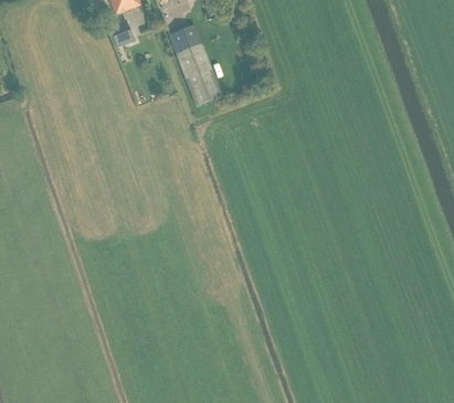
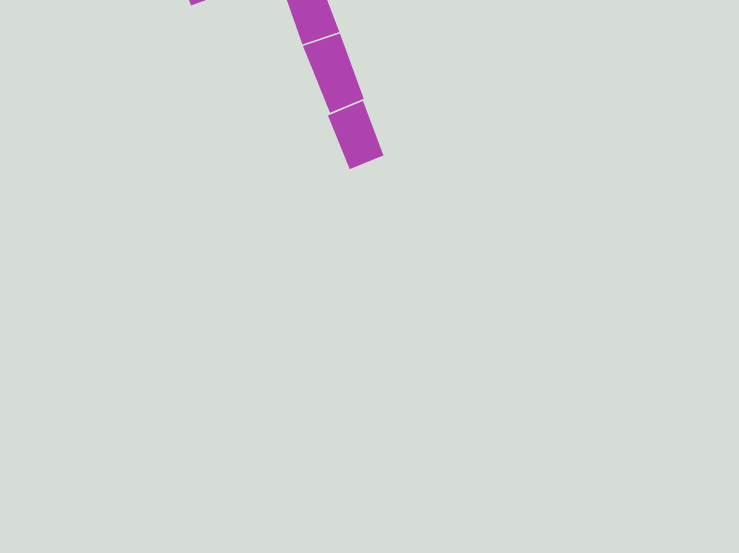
building: none -> [327,100,385,170]

